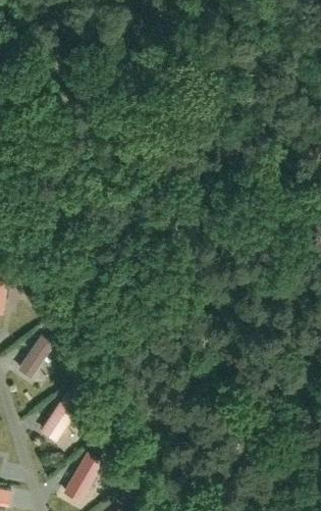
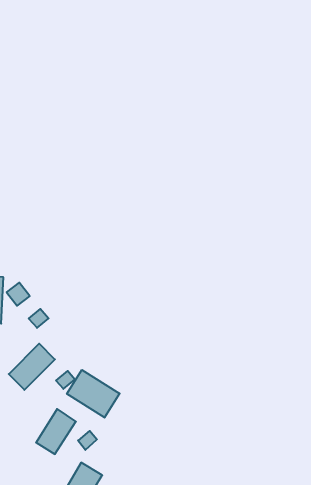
building: none -> [67,370,120,418]

